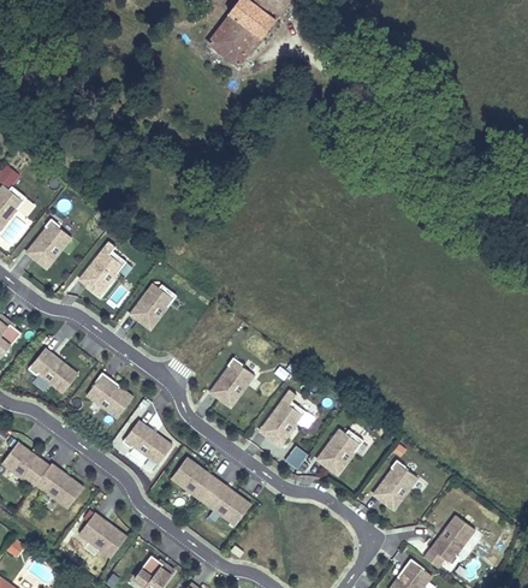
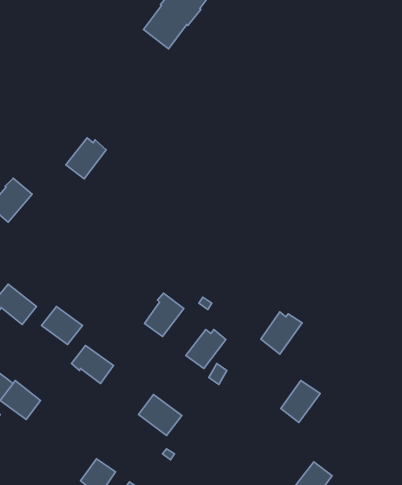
building: [76,248,124,297] -> [66,138,106,179]
building: [126,281,176,332] -> none
building: [314,428,363,479] -> [261,312,302,354]
building: [168,455,219,503] -> none
building: [77,512,126,558] -> none
building: [422,513,476,570] -> none

